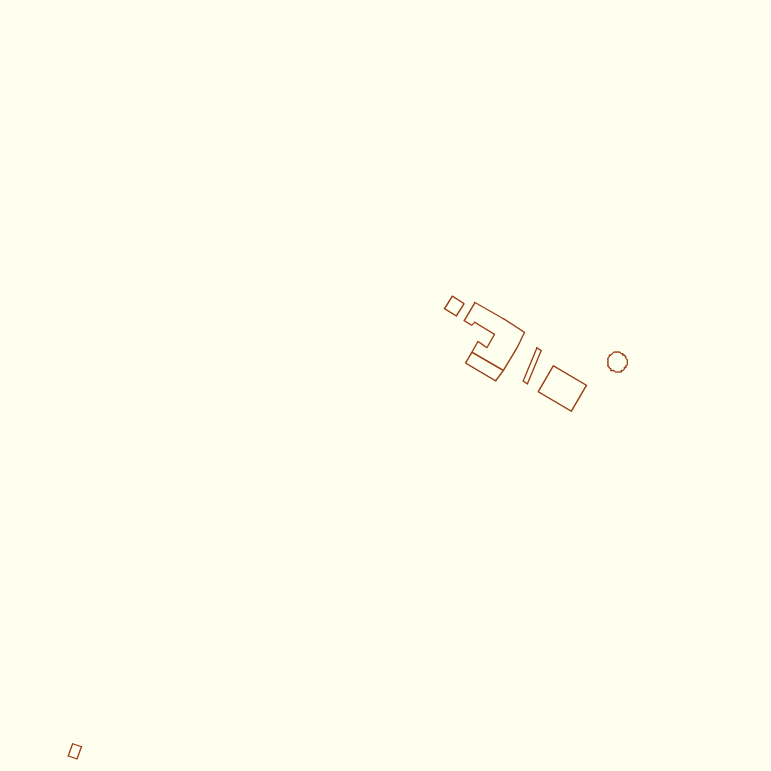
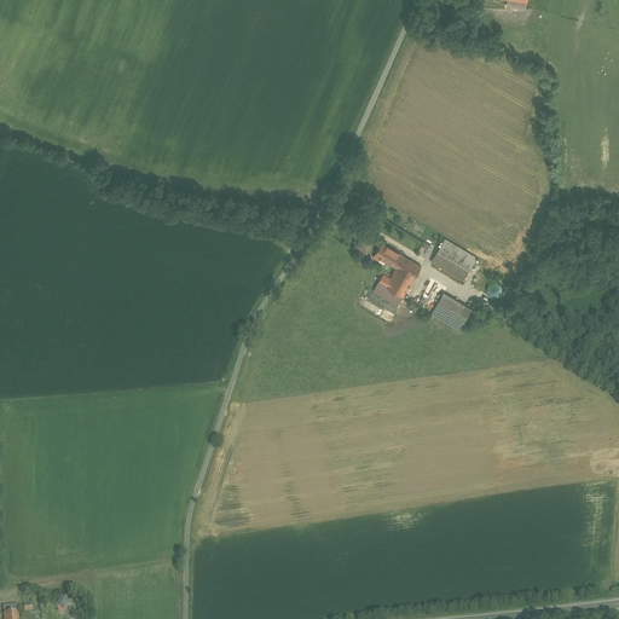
building: none -> [430,239,475,282]

